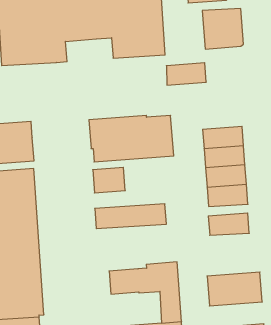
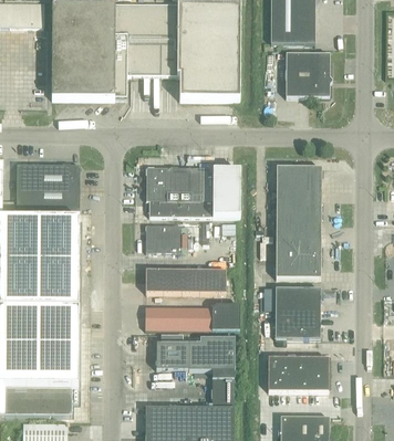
building: [166,63,206,85] -> [276,166,321,188]
building: none -> [145,303,239,329]
building: none -> [274,309,320,338]

